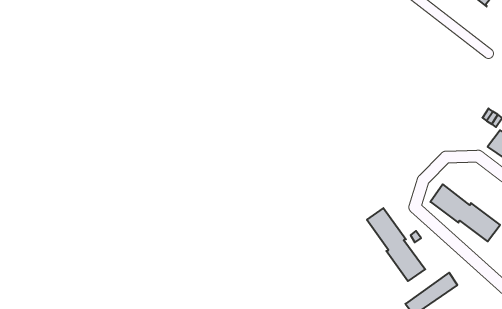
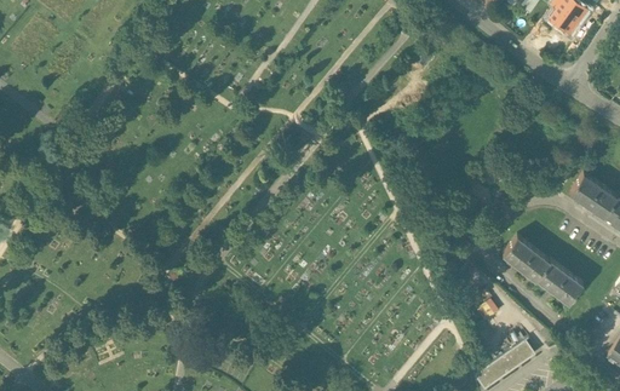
building: [367,208,425,281] -> none

